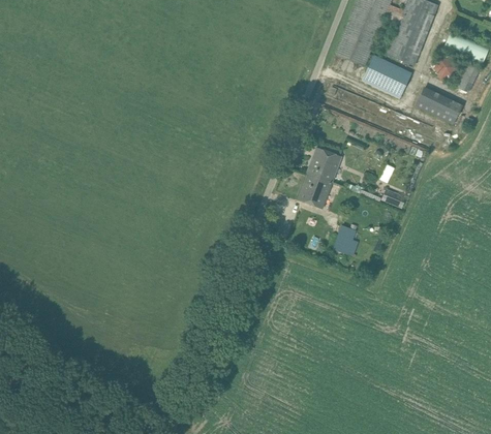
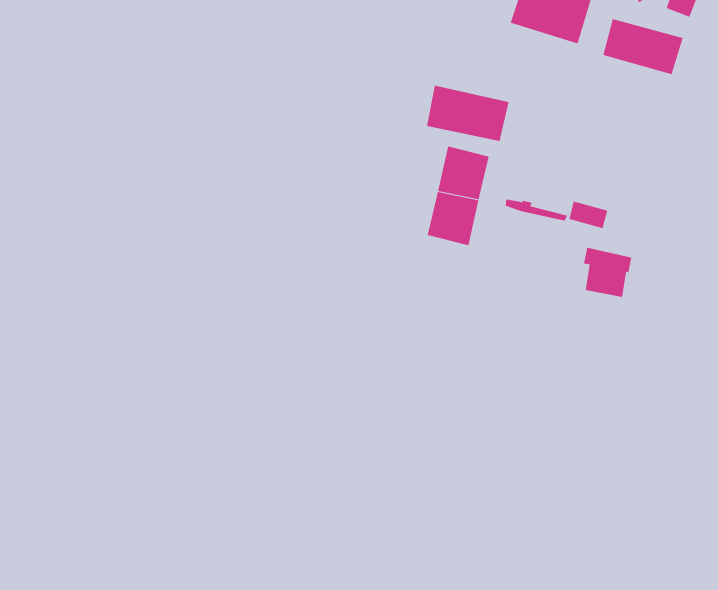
building: none -> [427,85,509,142]
building: [335,224,365,256] -> [583,247,632,298]

